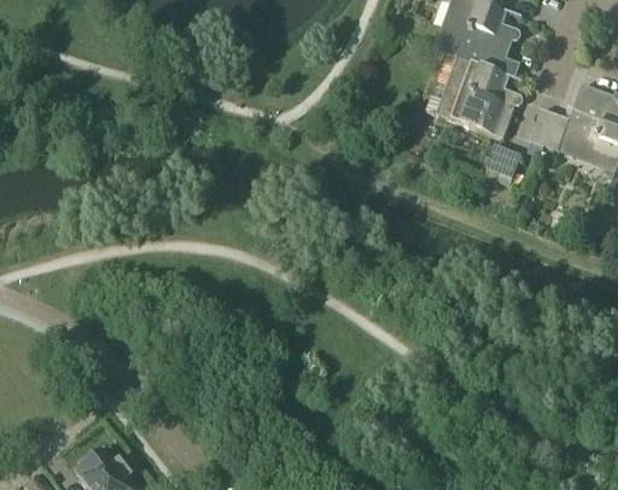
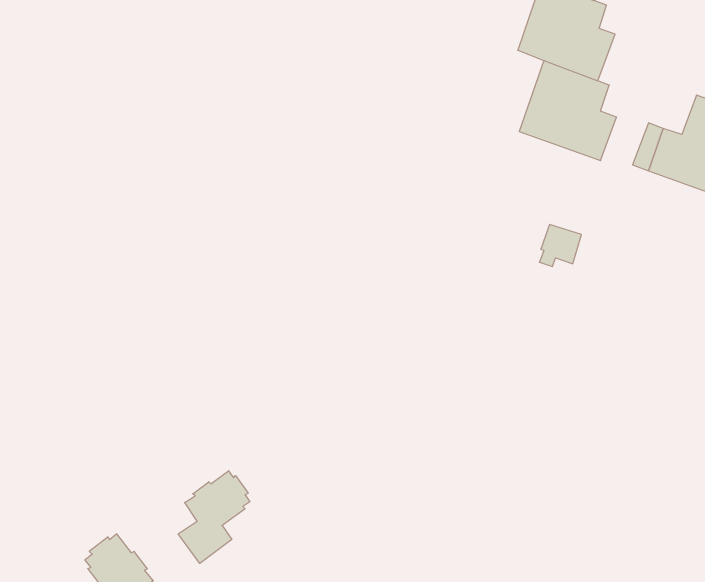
building: [486,146,521,181] -> [539,224,581,267]
building: none -> [178,471,250,563]

